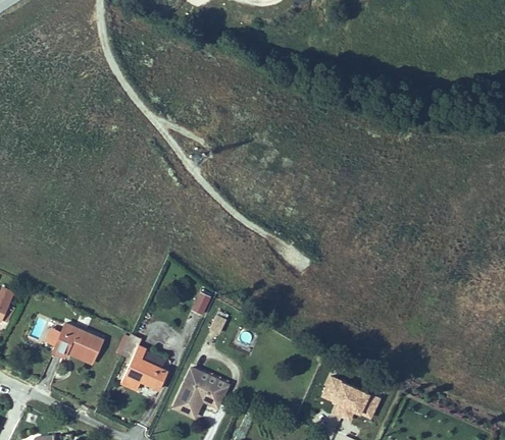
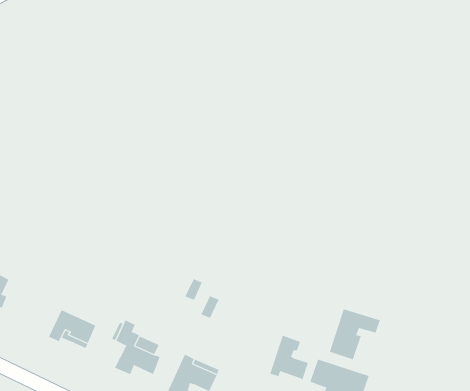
building: none -> [329,309,380,360]
building: none -> [270,335,308,380]

